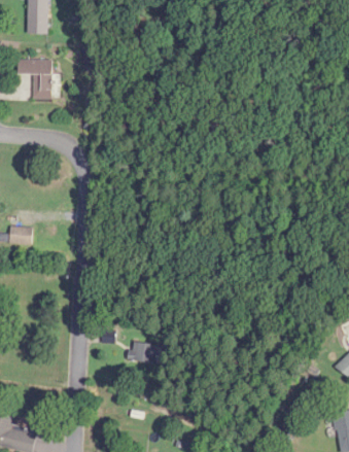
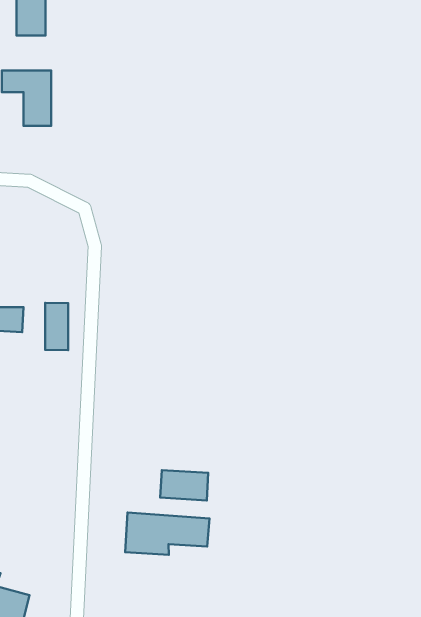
building: none -> [45,303,68,350]
building: none -> [125,512,210,555]

